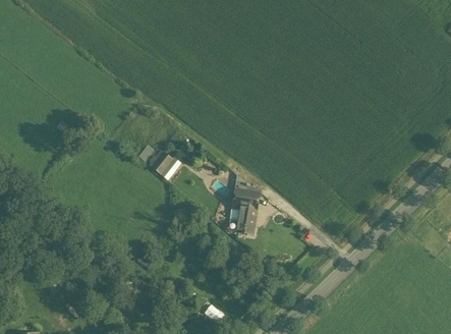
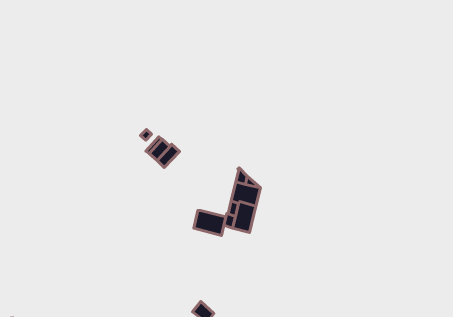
building: none -> [194,210,226,236]

